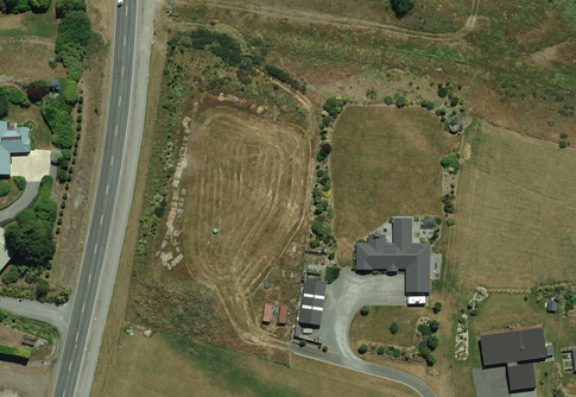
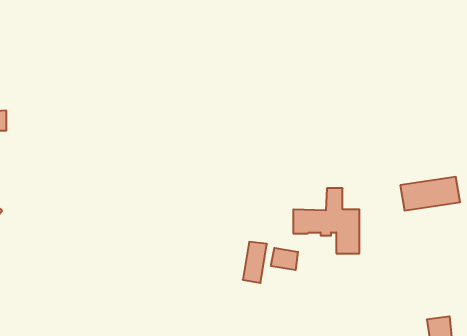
building: none -> [271,248,298,270]
building: [479,327,546,365] -> [400,177,460,210]

